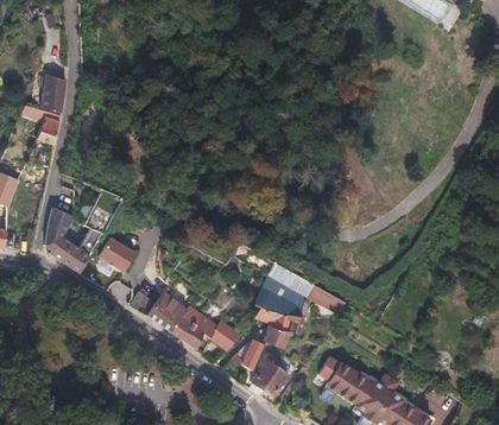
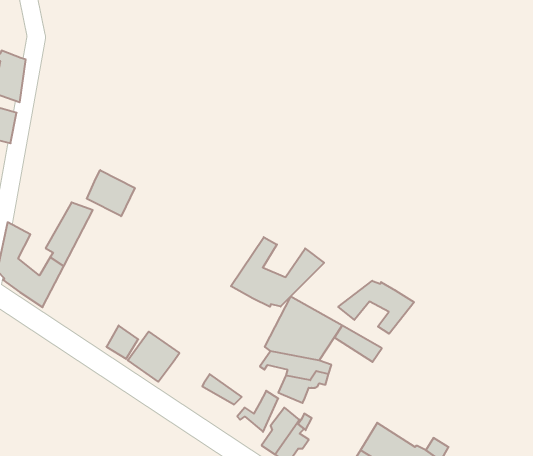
building: none -> [87,170,135,216]
building: none -> [231,237,324,307]
building: [97,236,133,269] -> none
building: none -> [338,281,414,334]
building: [170,315,206,348] -> none

